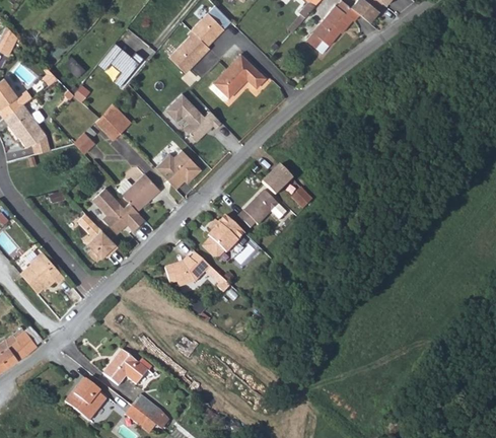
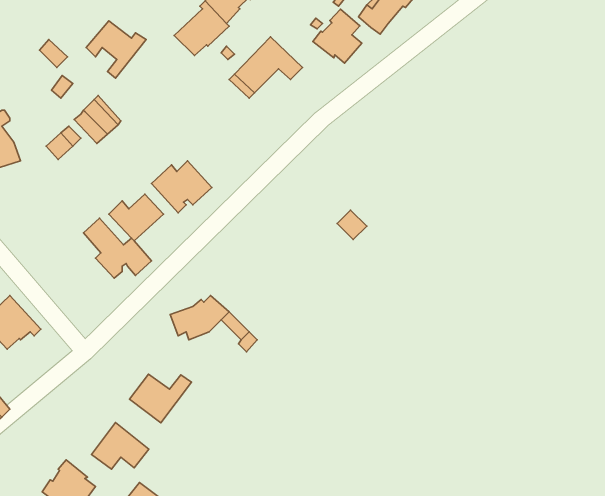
building: none -> [313,9,362,63]
building: [162,92,218,141] -> none
building: [262,164,293,196] -> none
building: [240,190,285,226] -> none
building: [76,214,117,262] -> none
building: [206,214,249,254] -> none
building: none -> [129,374,191,423]

